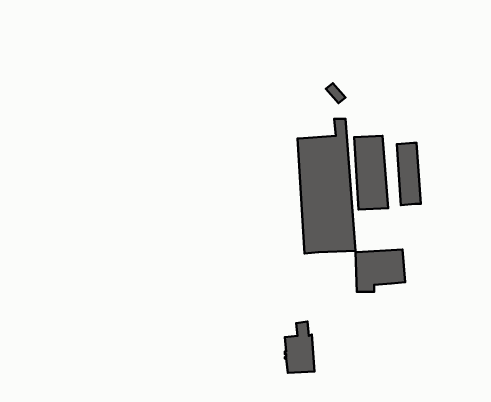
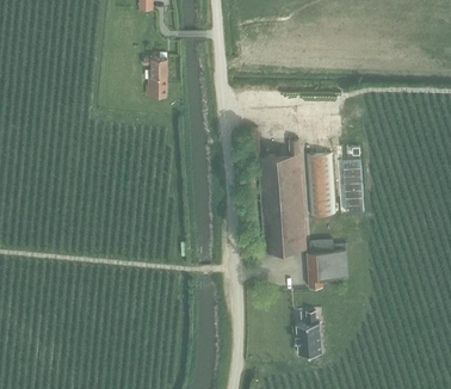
building: none -> [143,58,166,97]
building: [285,322,315,373] -> [296,311,321,354]

